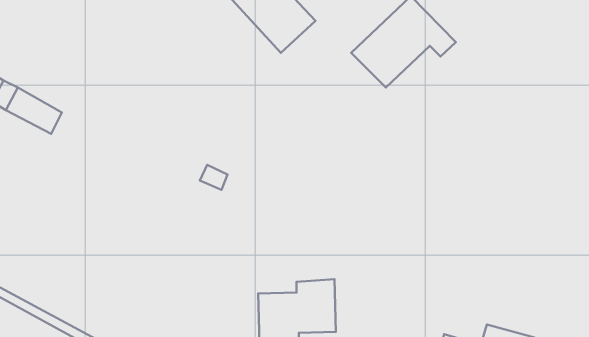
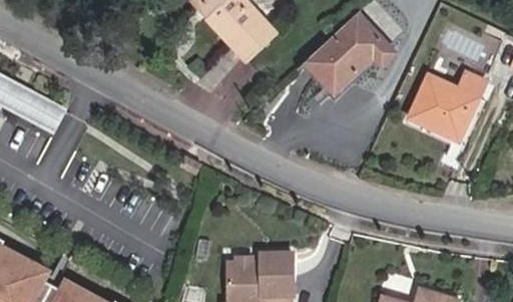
building: none -> [411,70,486,138]

